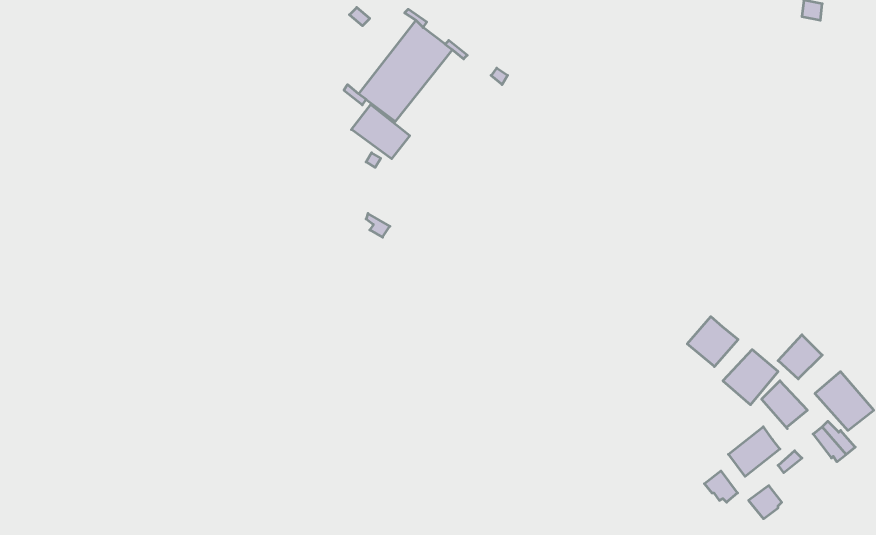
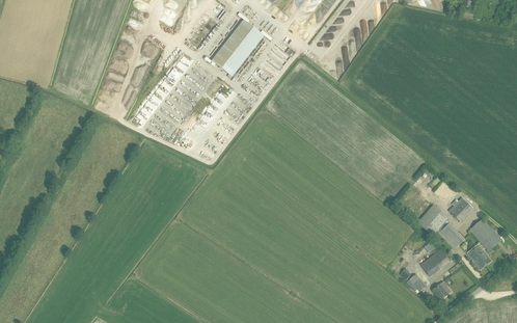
building: [351,105,410,159] -> none
building: [687,317,738,367] -> none

